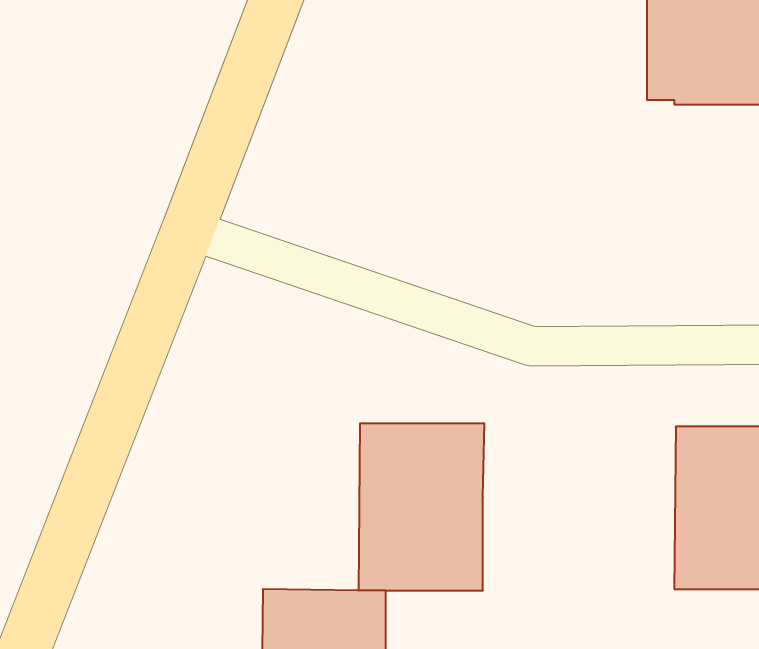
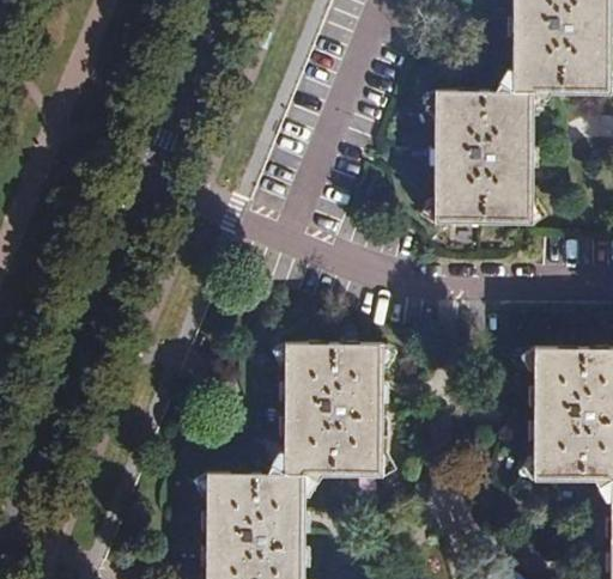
building: none -> [432,89,533,223]

